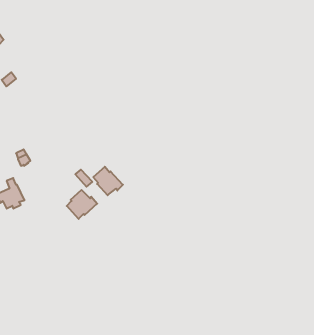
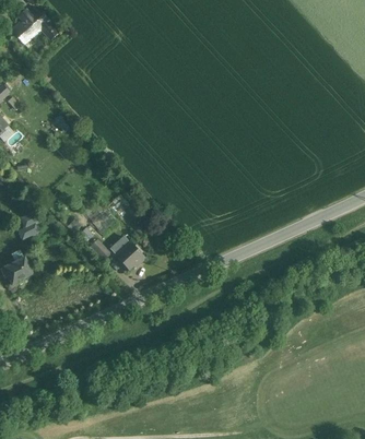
building: [67,190,97,219] -> none

